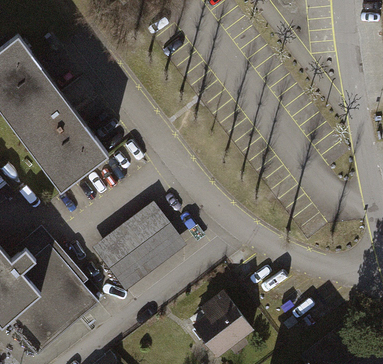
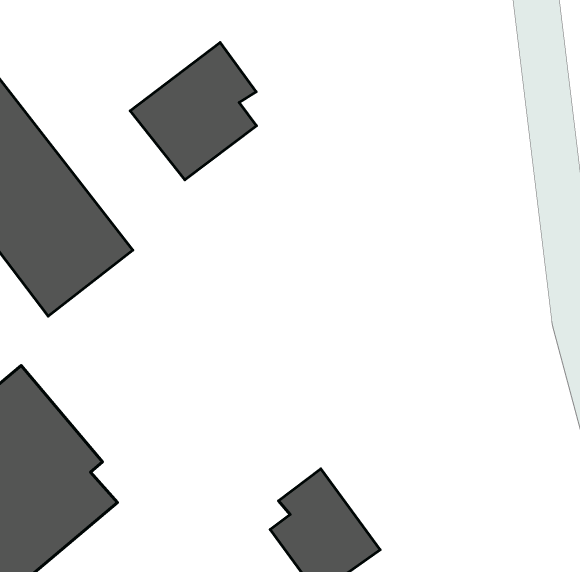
building: none -> [130,42,257,180]
building: [94,199,189,287] -> none

